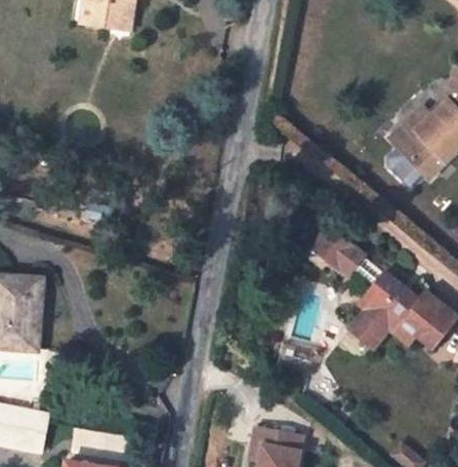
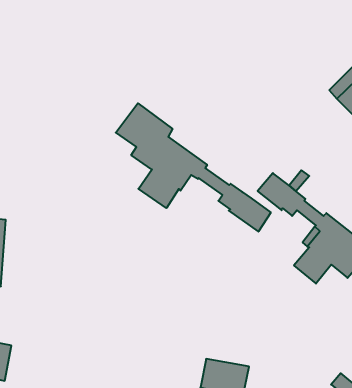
building: none -> [116,103,271,232]

